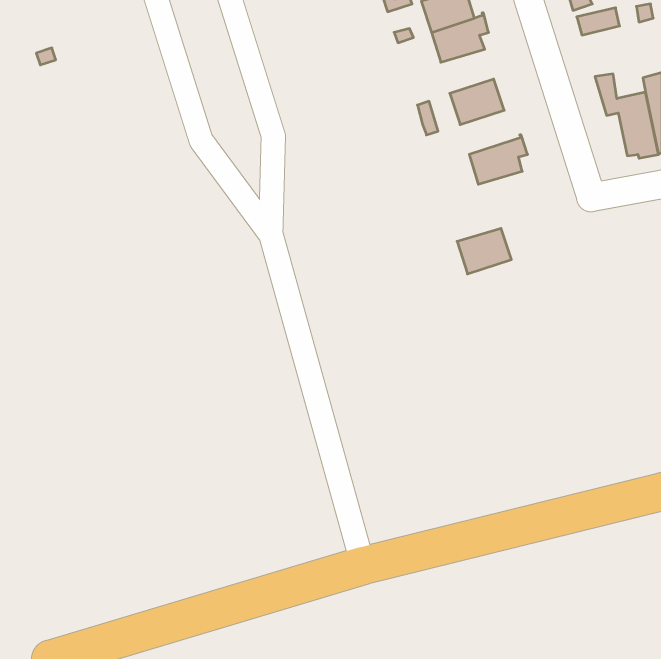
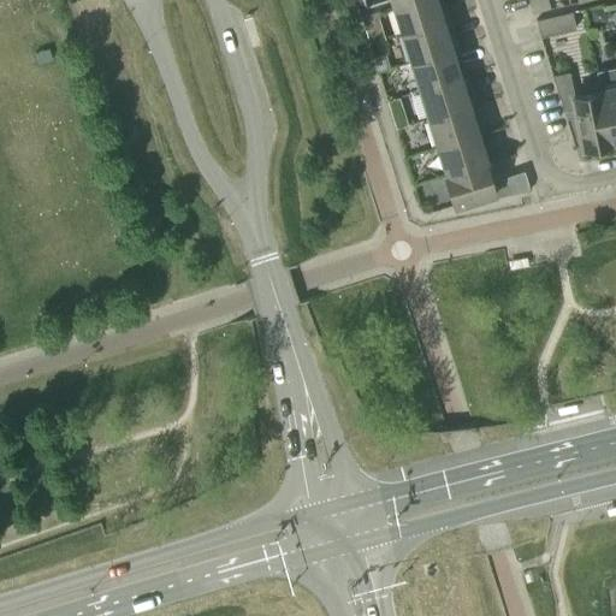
building: none -> [410,46,460,87]
building: none -> [428,102,478,143]
building: [457,228,511,274] -> [445,159,496,201]

